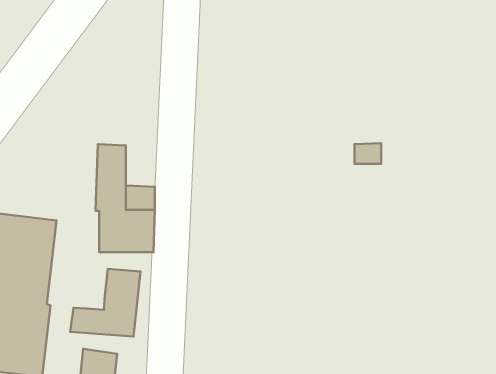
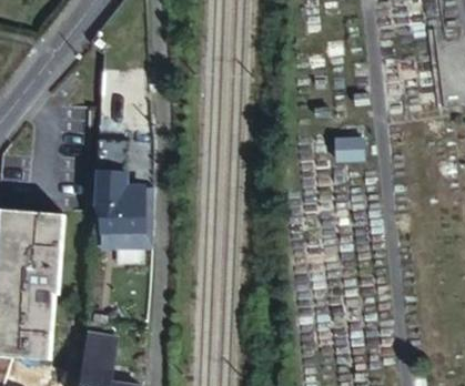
building: [70,269,140,336] -> none

